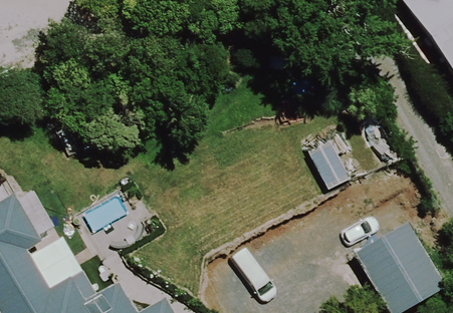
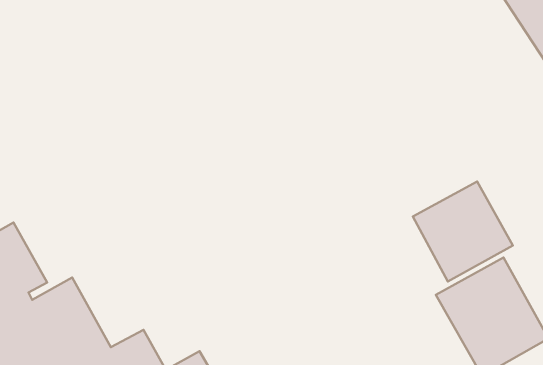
building: none -> [413,181,513,282]

